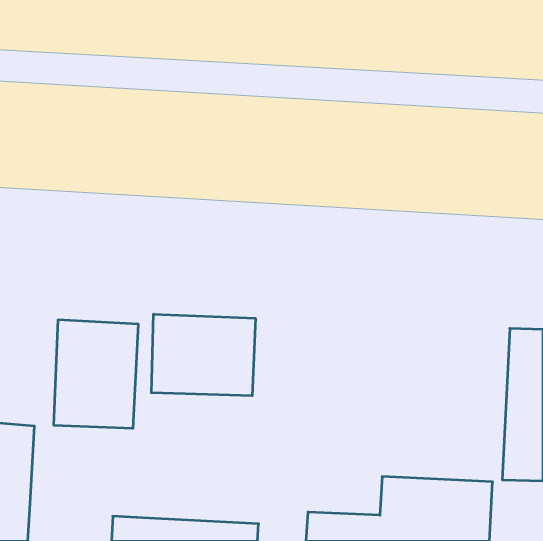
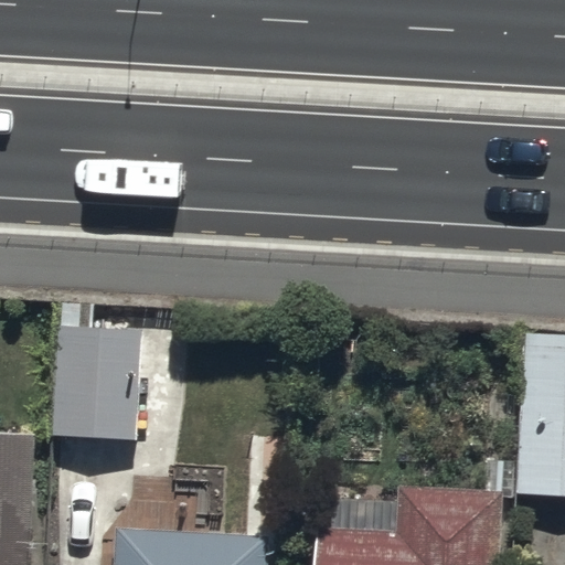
building: [151,314,255,396] -> none

